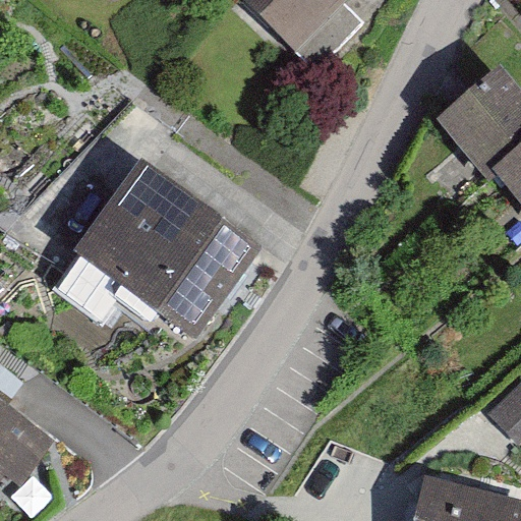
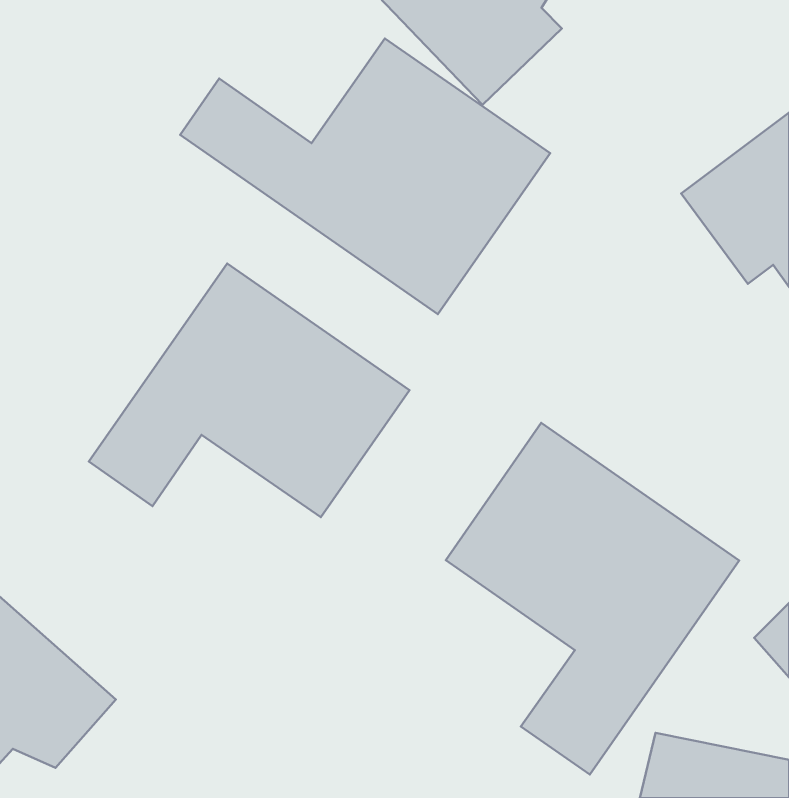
building: none -> [180,39,550,314]
building: none -> [446,423,739,774]

